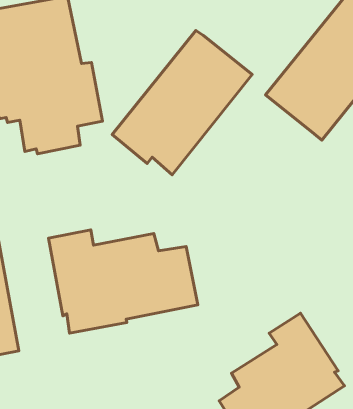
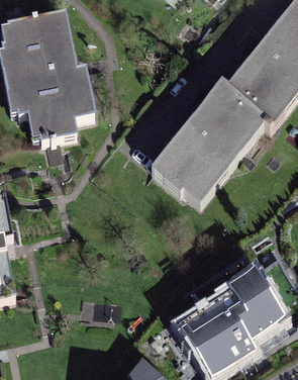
building: [112,30,252,175] -> [147,87,261,203]
building: [49,230,198,333] -> none

